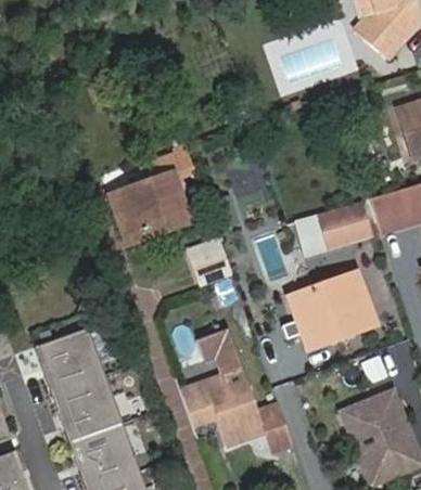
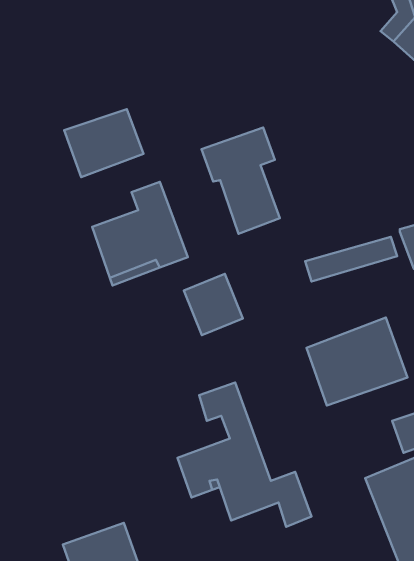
building: none -> [64,109,143,177]
building: none -> [201,127,280,234]
building: [37,328,132,466] -> none

